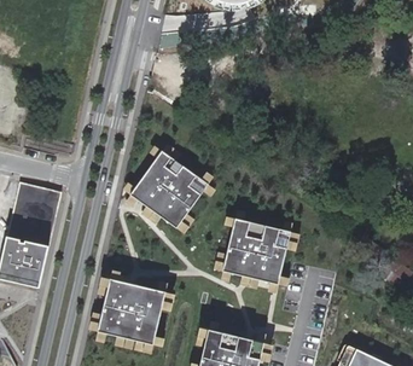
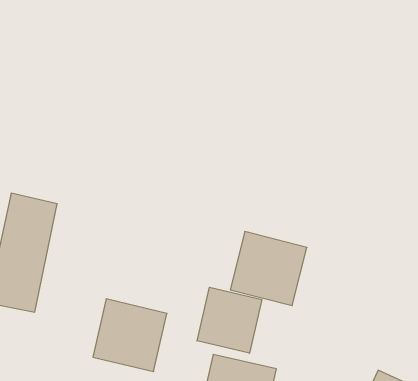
building: [127,151,206,230] -> none
building: none -> [197,287,262,353]

